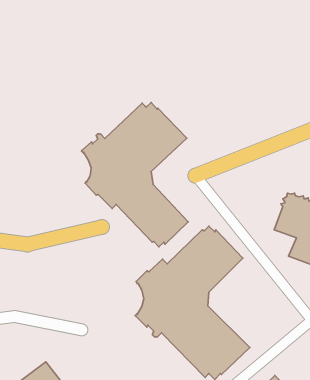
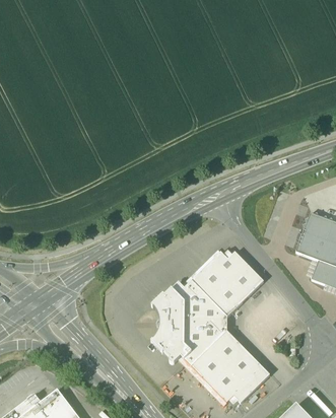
building: [81,103,188,247] -> none

